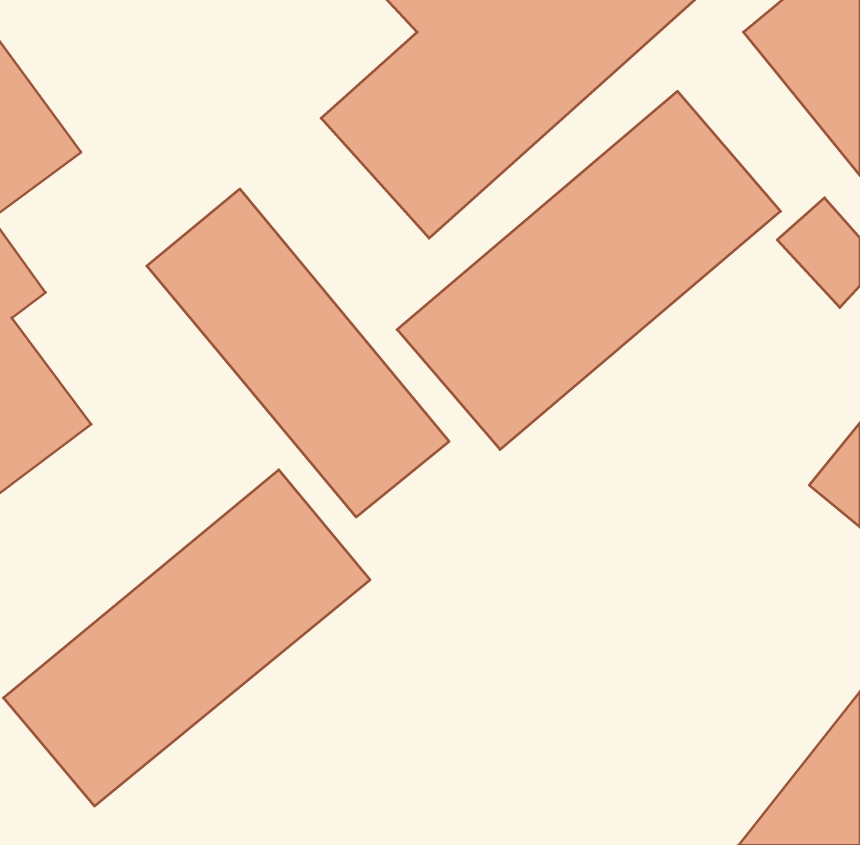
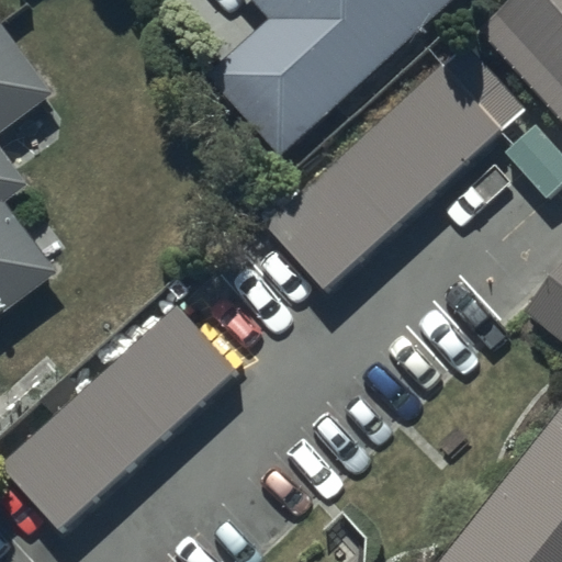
building: [147,189,449,517] -> none

